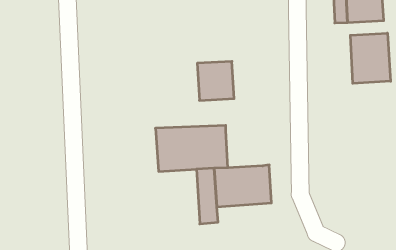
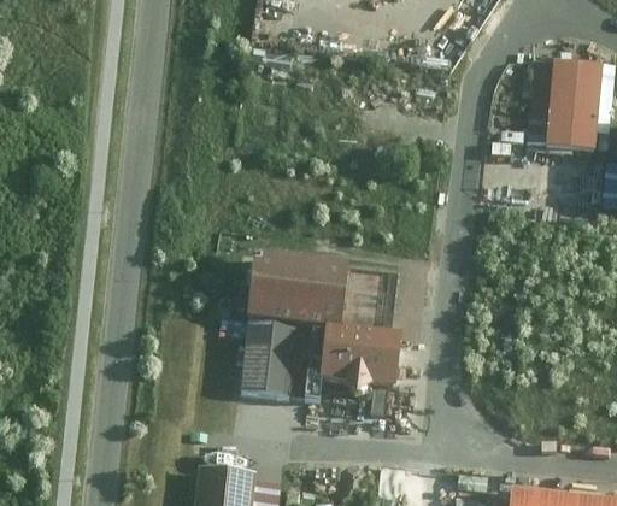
building: [350,33,391,83] -> none
building: [197,61,234,100] -> [342,267,396,325]
building: none -> [236,311,298,394]

